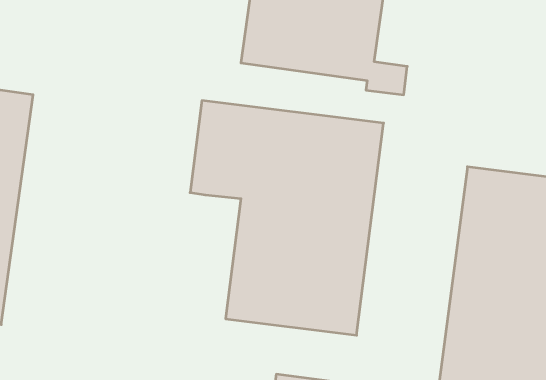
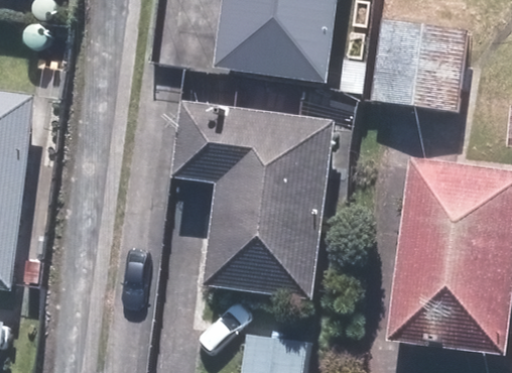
building: none -> [367,18,465,111]

